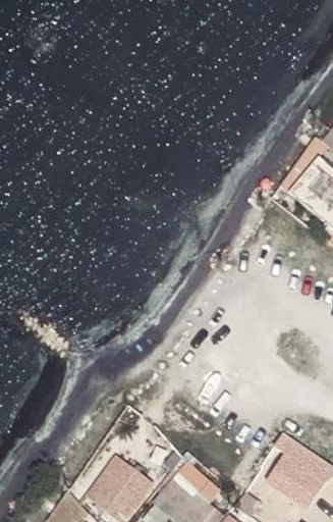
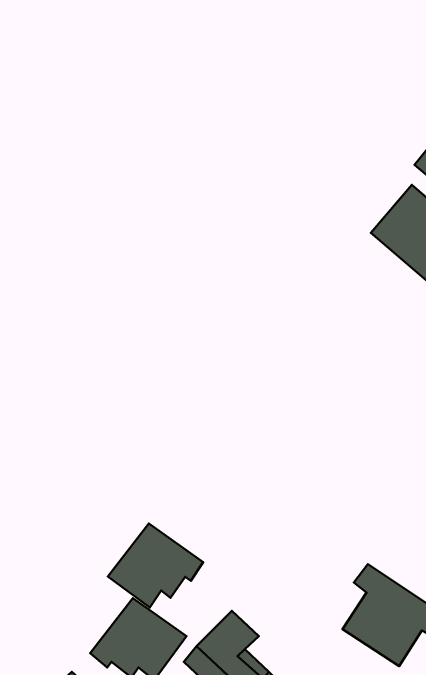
building: none -> [108,523,203,608]

